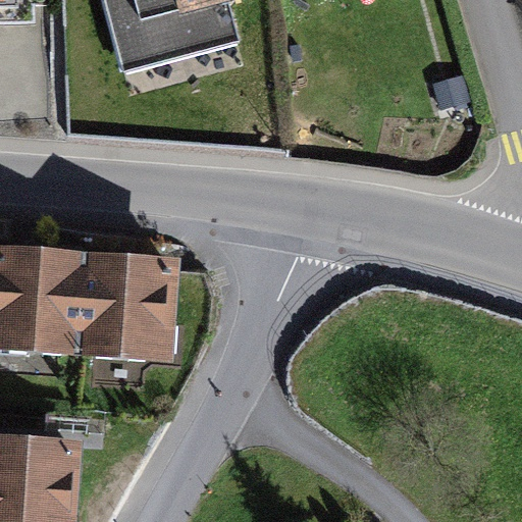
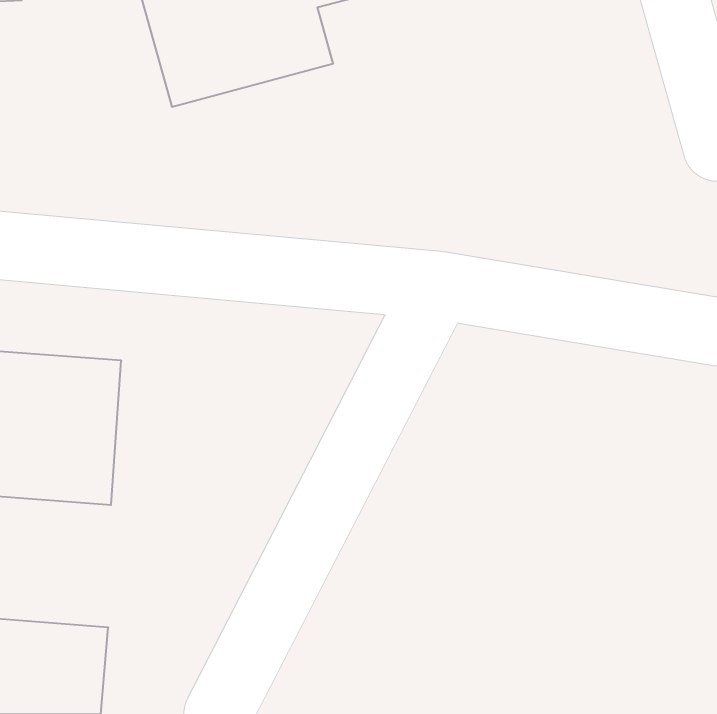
building: [79,255,181,364] -> none

